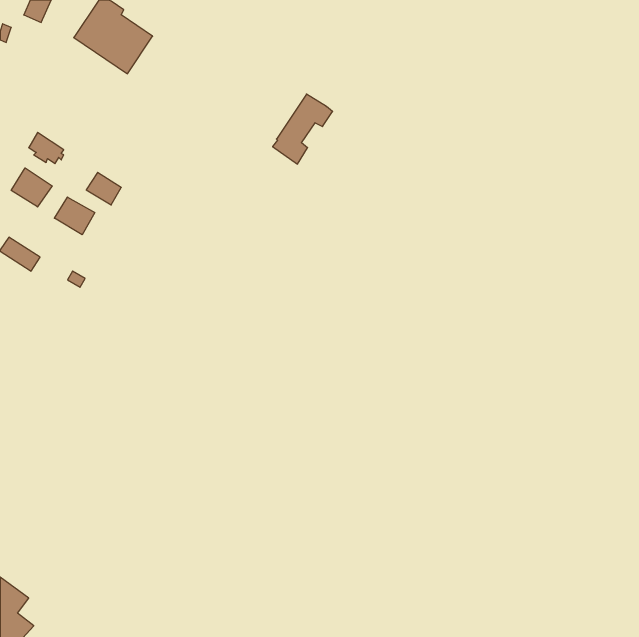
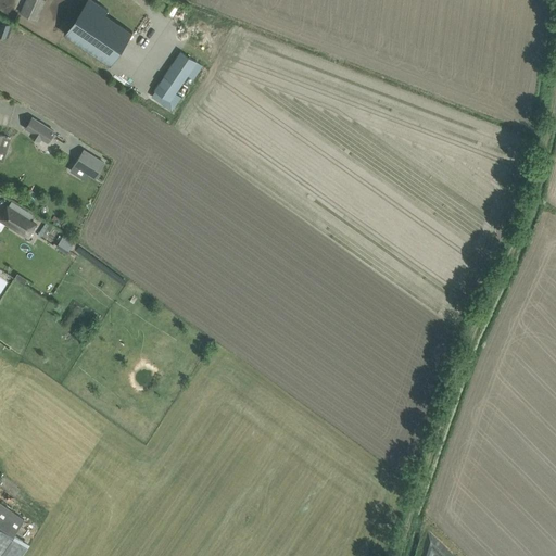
building: [273,94,333,164] -> [151,51,203,112]
building: [11,168,52,207] -> none
building: [54,197,95,235] -> none

